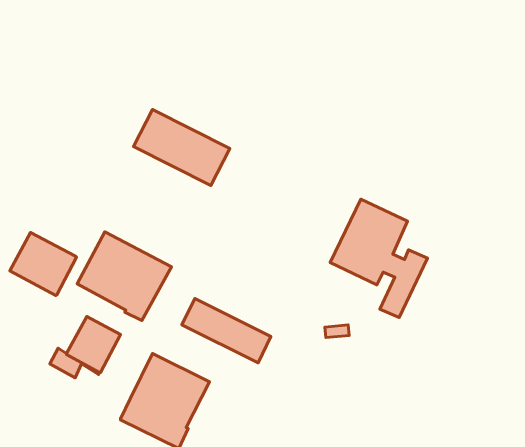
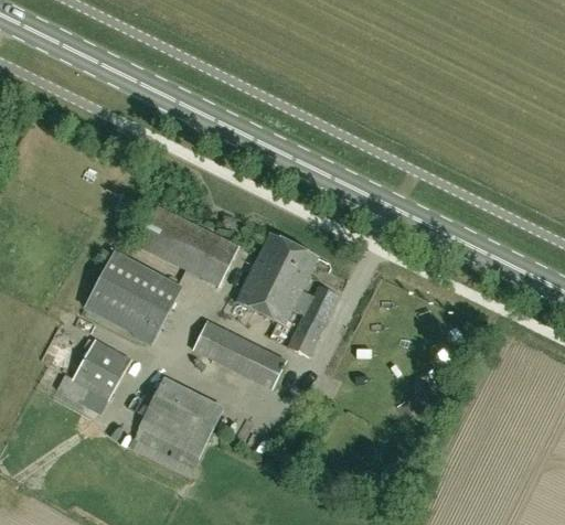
building: [133,109,230,186] -> [137,206,237,286]
building: [330,199,428,317] -> [236,233,338,356]
building: [10,233,76,296] -> none

